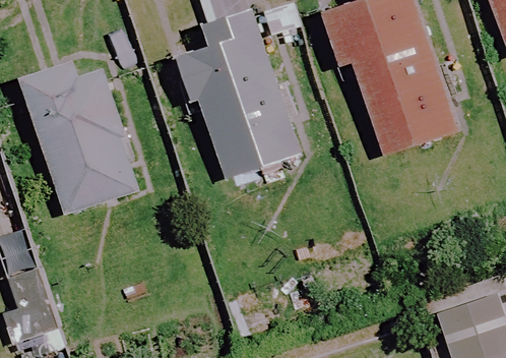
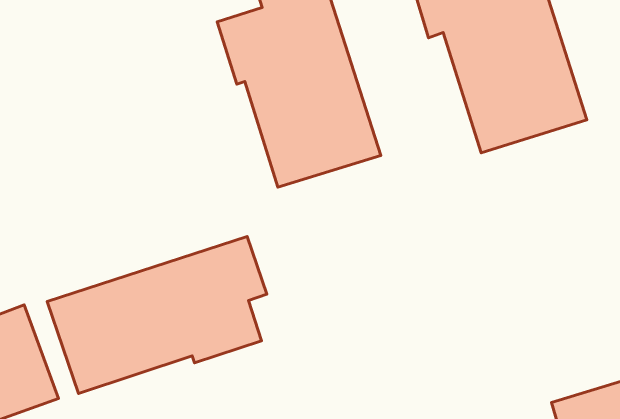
building: [21,65,143,216] -> none
building: none -> [47,237,267,394]

